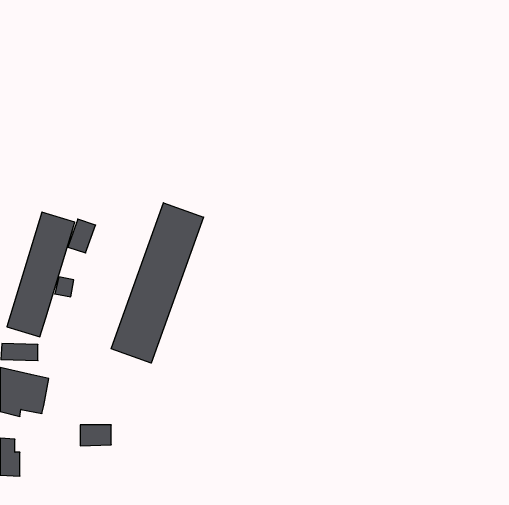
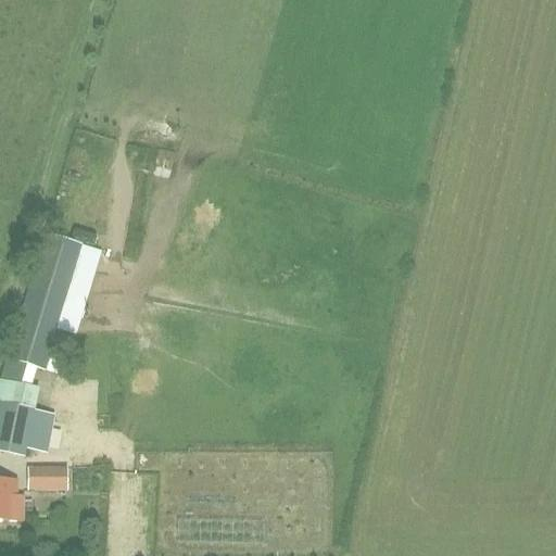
building: [111,203,204,363] -> none
building: [80,425,111,446] -> [34,466,67,489]

